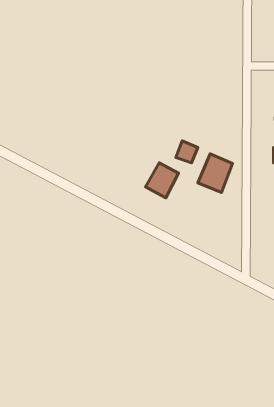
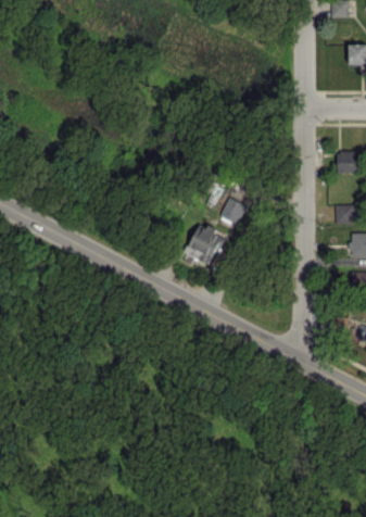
building: [198,154,233,192] -> none

